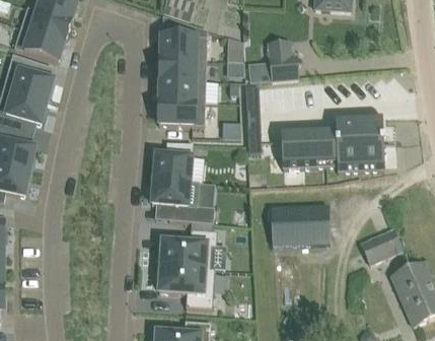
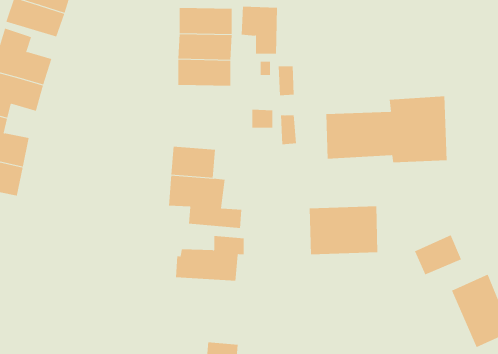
building: [268,41,299,80] -> none
building: [158,101,205,125] -> none
building: [156,265,214,308] -> none

